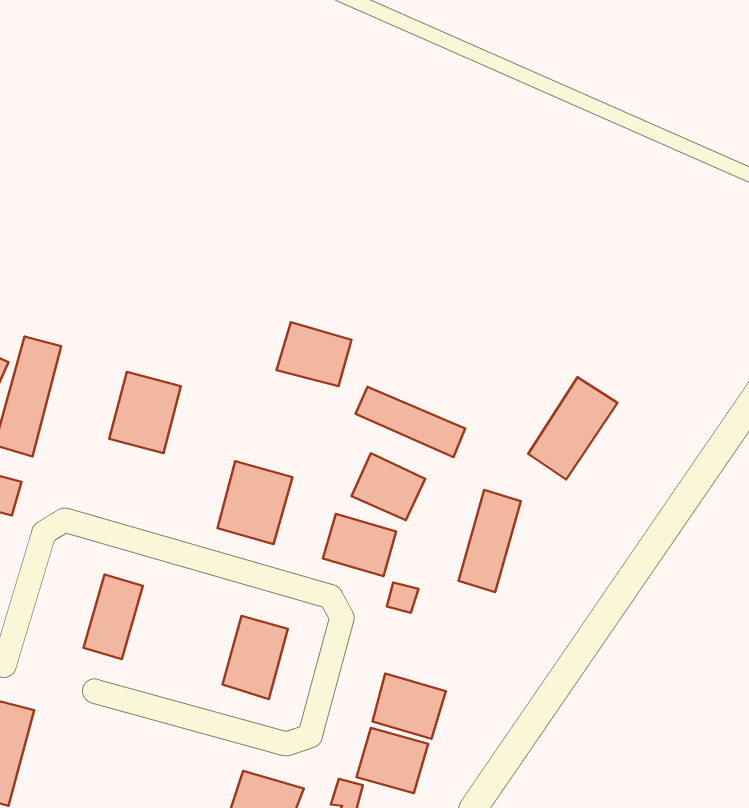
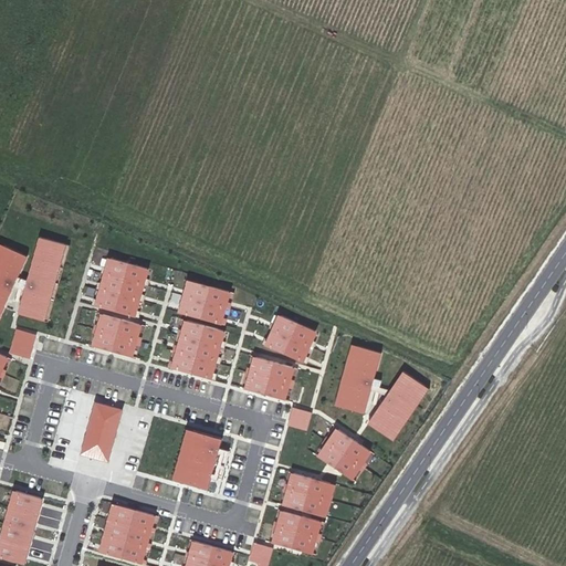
building: [276,322,351,386] -> [177,282,229,326]
building: [528,377,617,479] -> [367,369,429,440]
building: [356,387,465,457] -> none
building: none -> [92,316,142,358]
building: none -> [314,424,369,478]
building: none -> [99,502,154,558]

